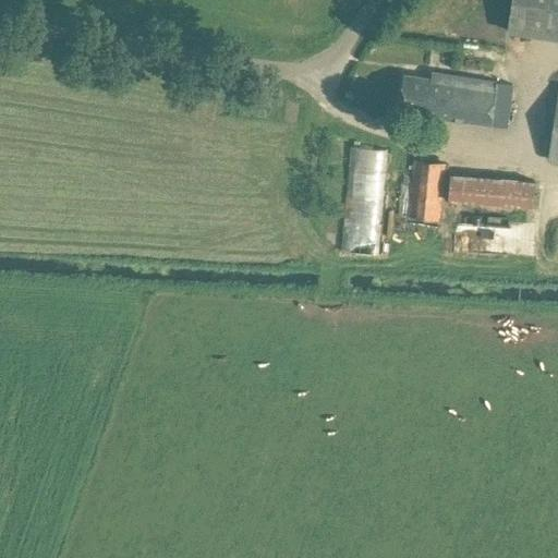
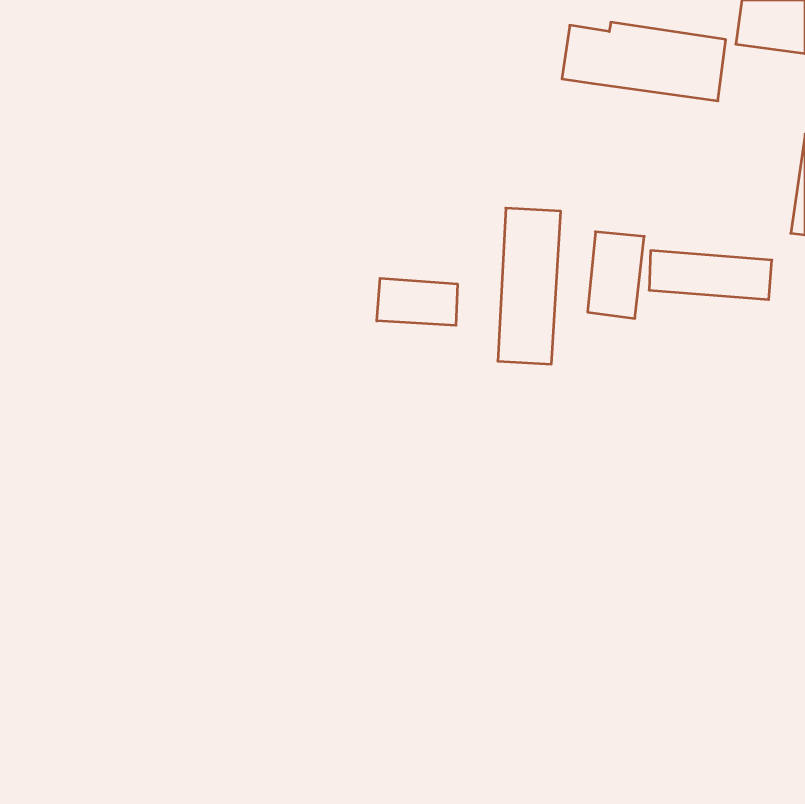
building: [399,72,512,126] -> [562,22,726,101]
building: none -> [377,278,457,325]

